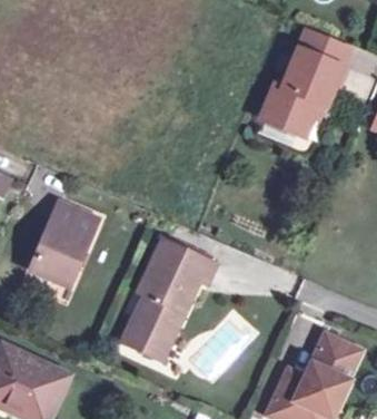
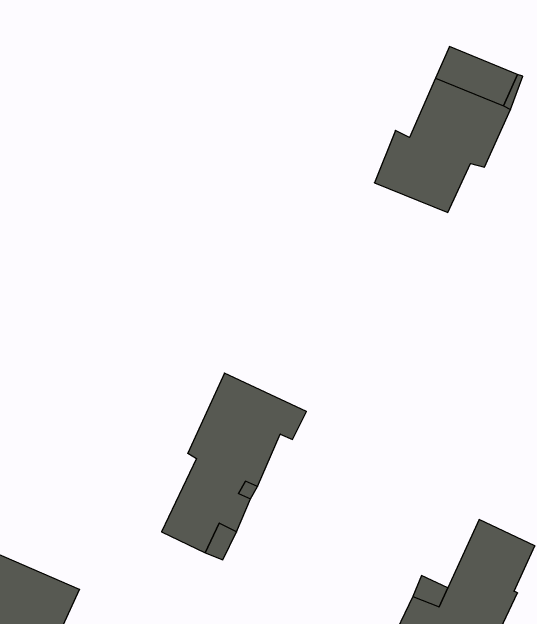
building: [29,201,98,286] -> none

